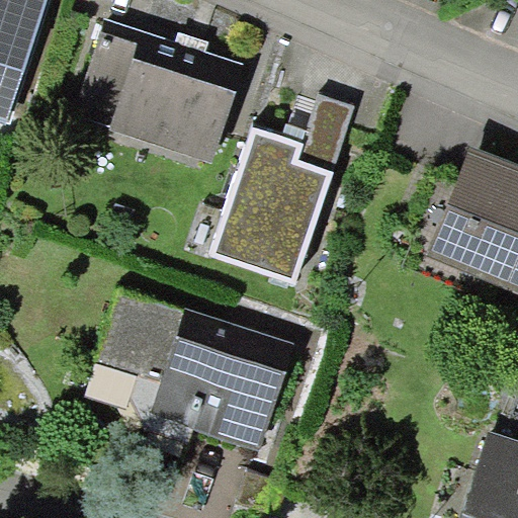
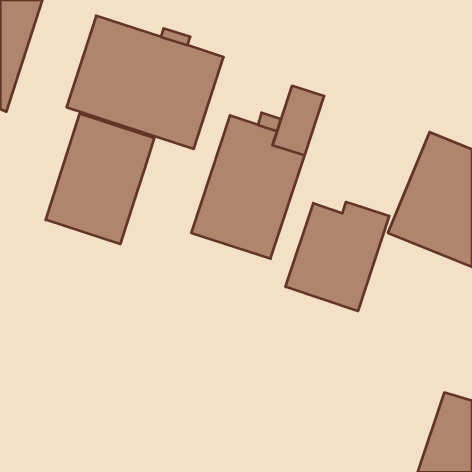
building: none -> [46,114,154,244]
building: none -> [286,202,389,311]
building: [96,290,294,451] -> none

